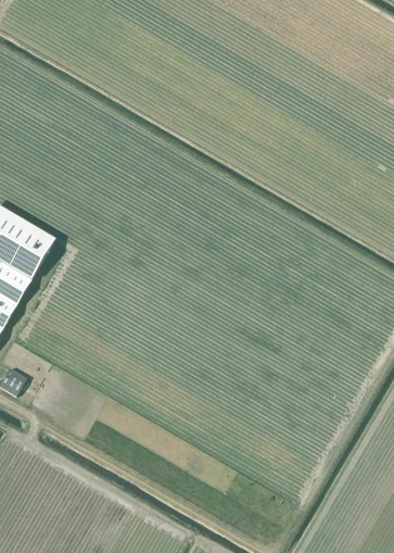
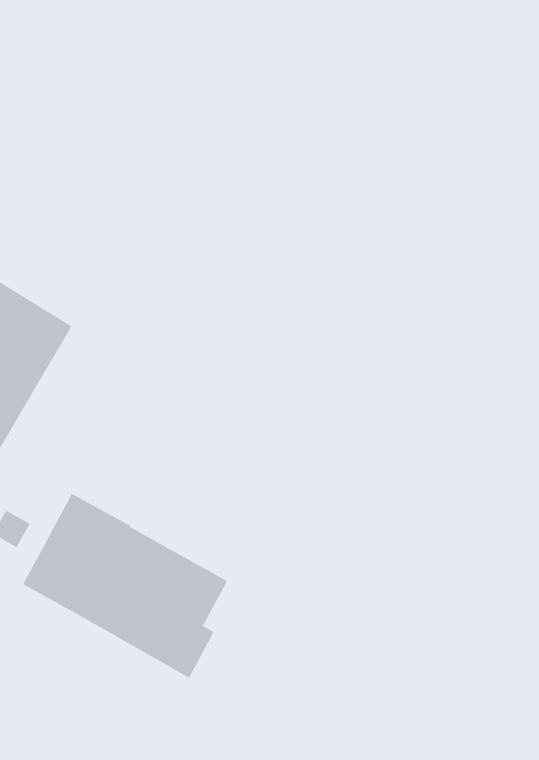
building: none -> [22,493,228,679]

